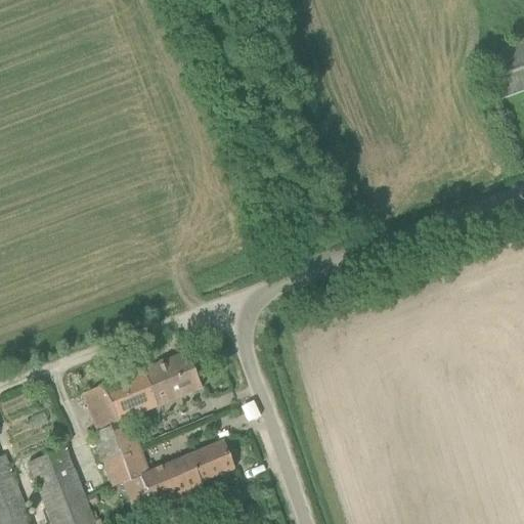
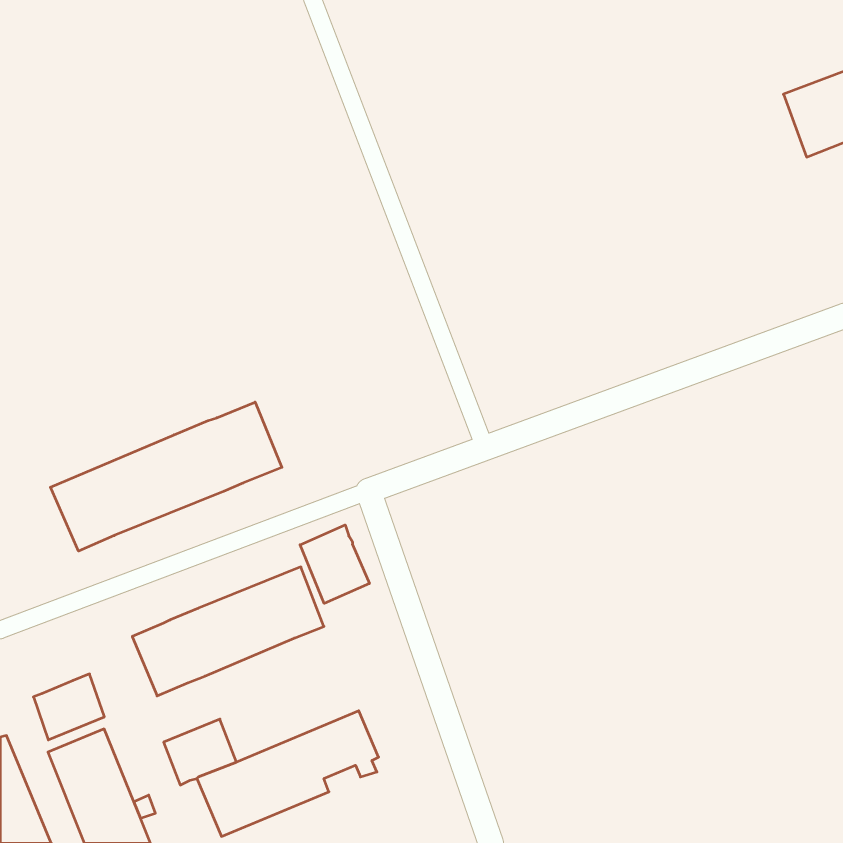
building: none -> [50,402,282,551]
building: none -> [300,525,369,603]
building: [93,419,137,460] -> [33,674,104,740]

